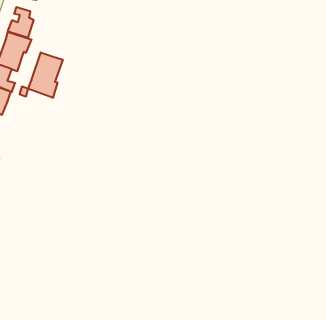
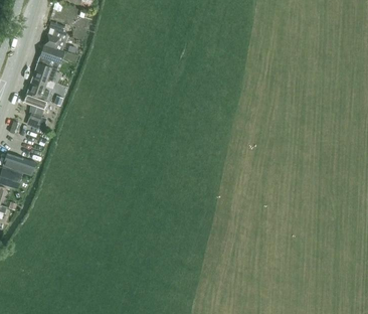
building: [28,52,63,98] -> none

